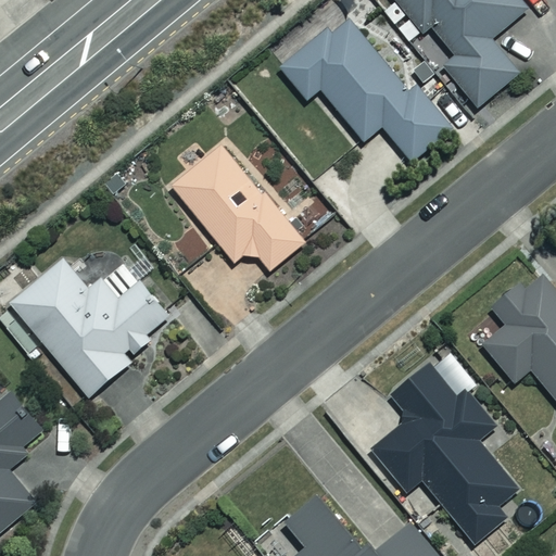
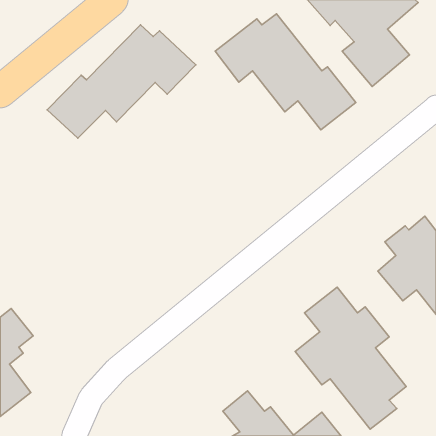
building: none -> [47,25,196,138]
building: [172,144,303,270] -> none
building: [10,260,169,399] -> none

